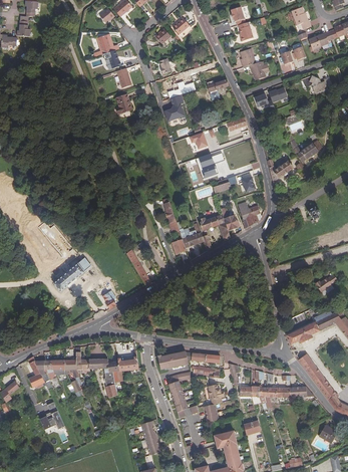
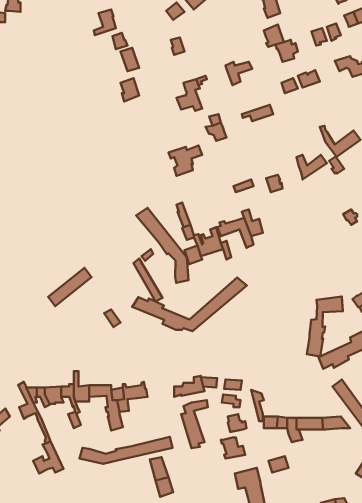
building: [195,152,224,178] -> [168,146,202,176]
building: [238,201,261,228] -> none
building: none -> [136,208,189,283]
building: none -> [132,278,247,331]
building: none -> [307,297,343,357]
building: none -> [79,437,172,464]

